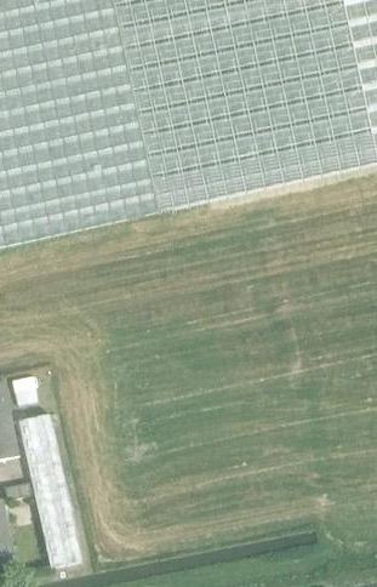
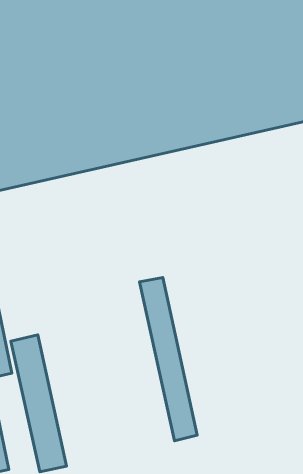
building: none -> [139,277,197,441]

